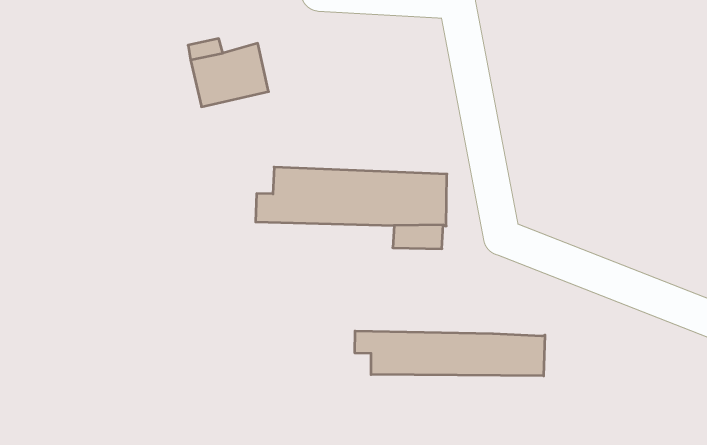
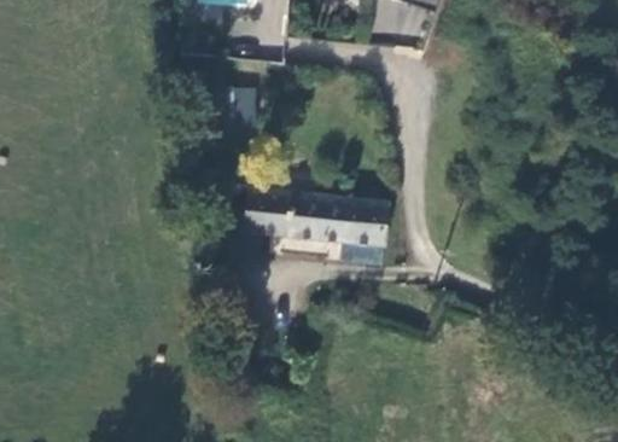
building: [355,331,545,376] -> none

